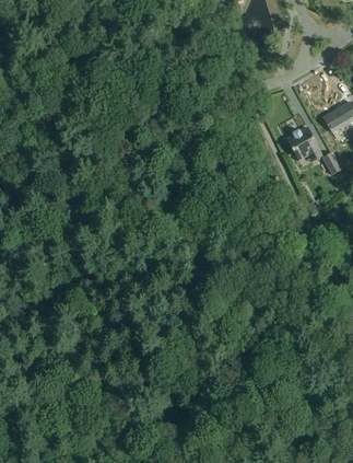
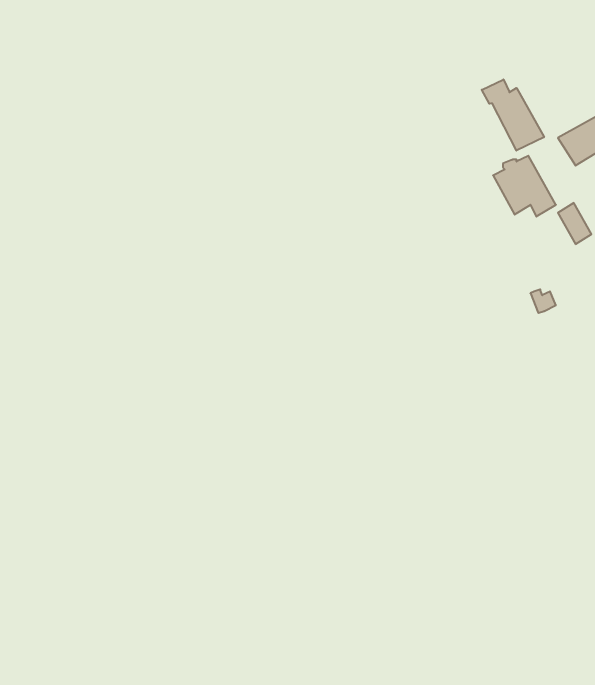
building: none -> [482,79,544,151]

